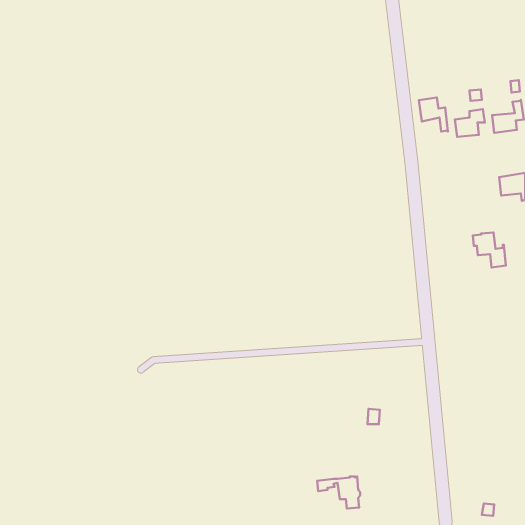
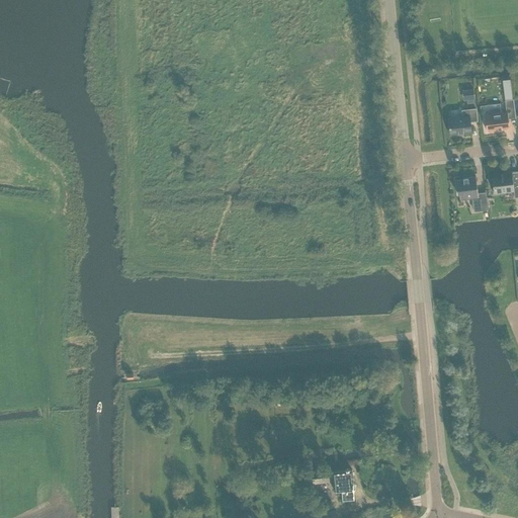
building: [419,97,448,132] -> none
building: [473,233,506,268] -> [454,176,487,210]

